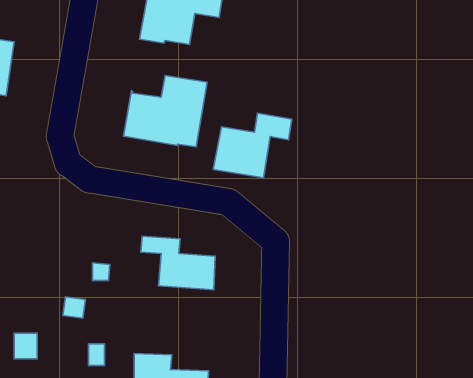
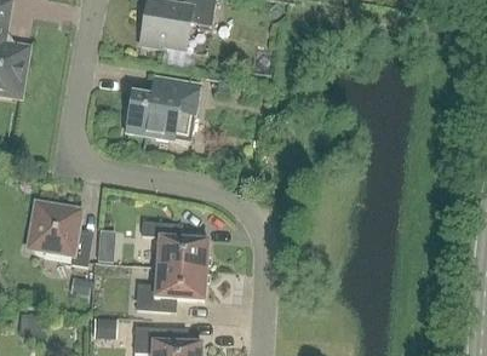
building: [213,113,292,178] -> none
building: none -> [27,199,92,264]
building: none -> [136,265,206,311]

